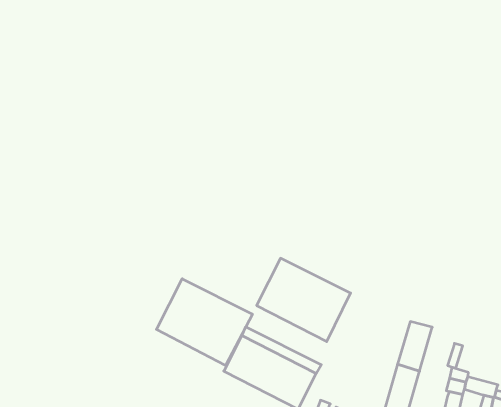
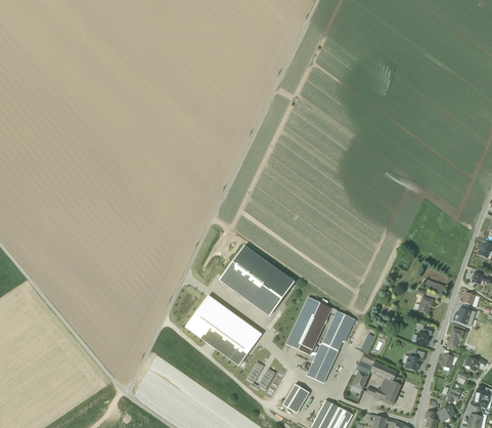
building: [156,279,252,365] -> none
building: none -> [286,296,331,354]

